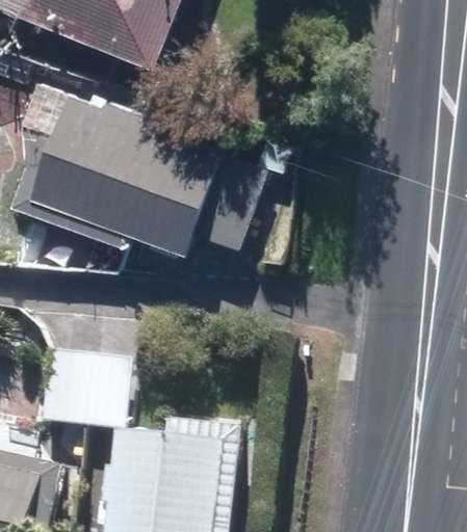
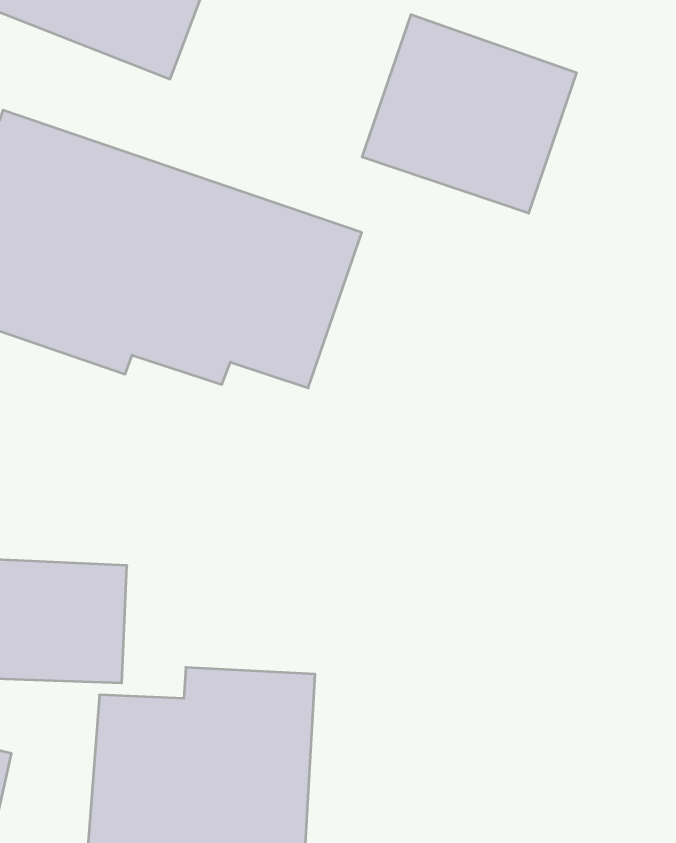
building: none -> [362,15,576,213]

